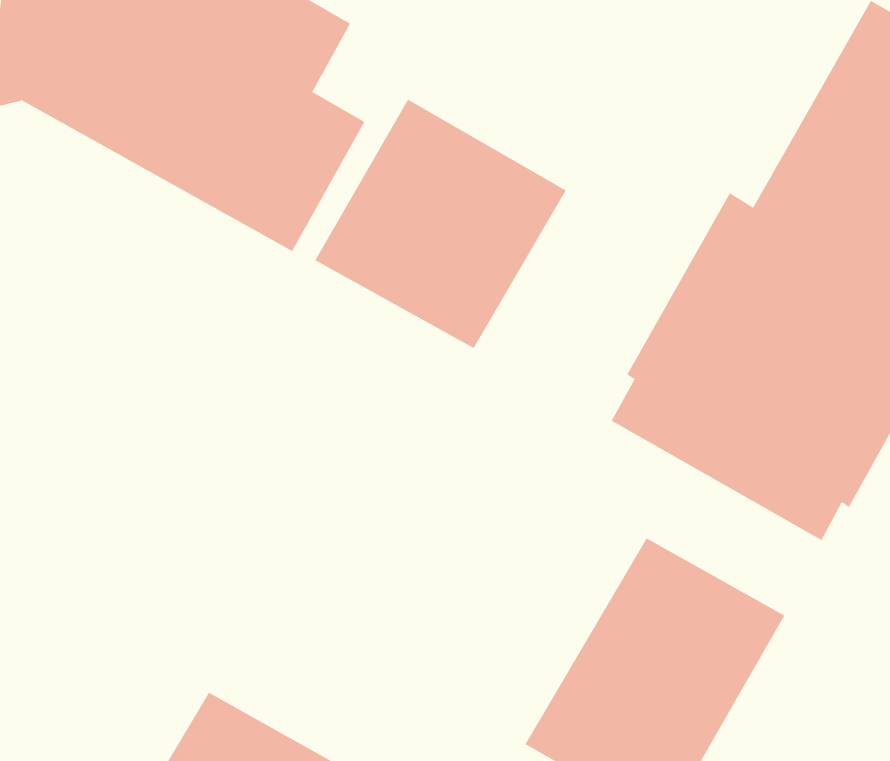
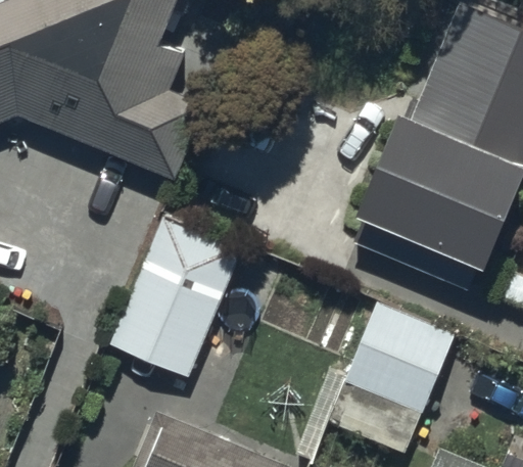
building: [314,99,566,349] -> none
building: none -> [108,213,243,378]

